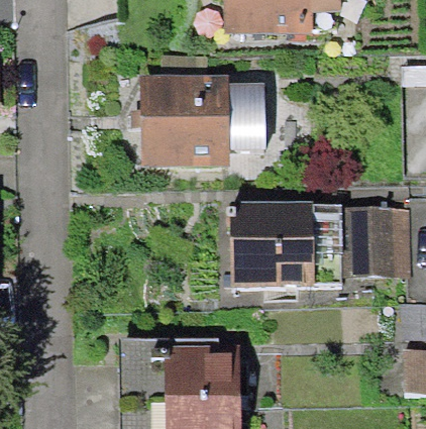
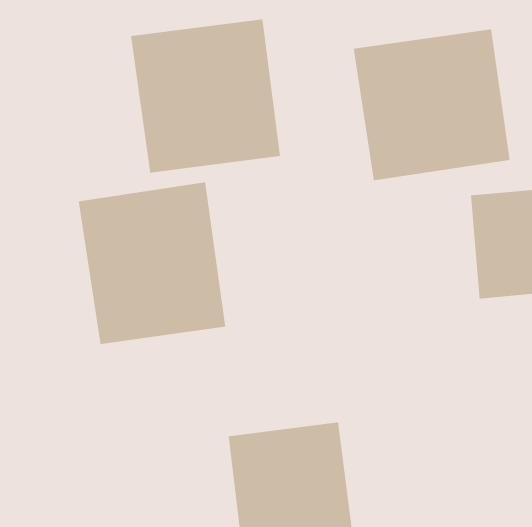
building: none -> [78,182,226,345]
building: [225,198,316,285] -> [353,29,510,181]

